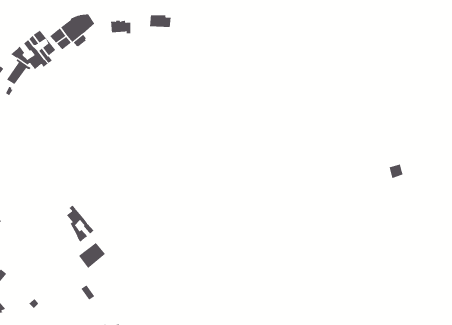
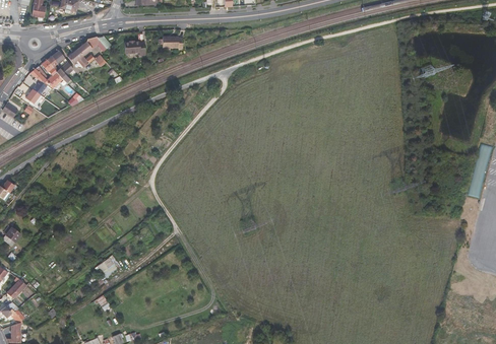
building: [66,204,94,243] -> none

